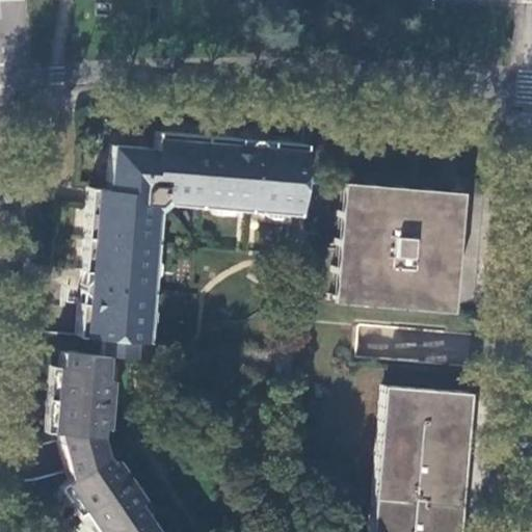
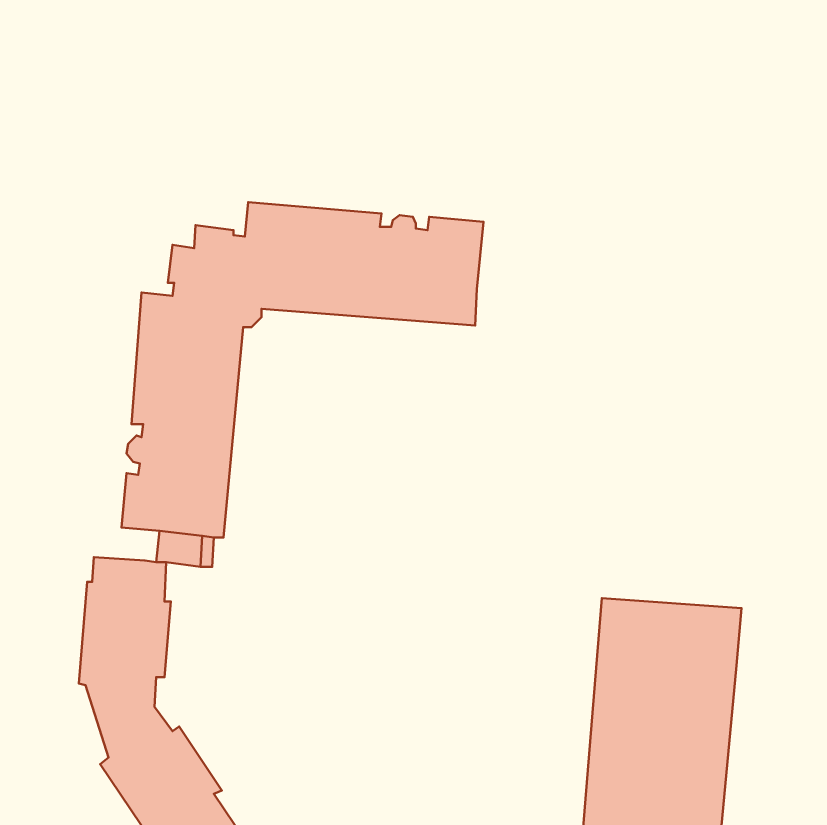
building: [337,183,467,313] -> none

